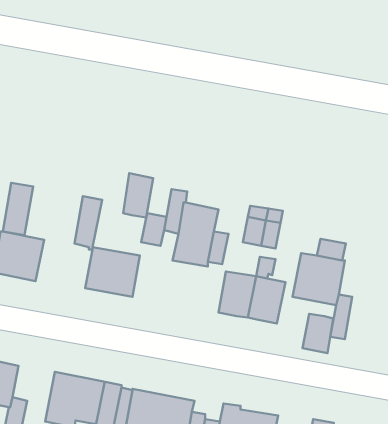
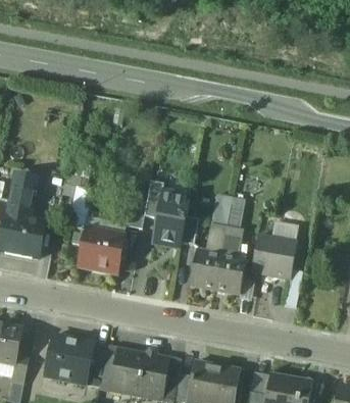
building: [123,173,153,217] -> none
building: [302,314,333,353] -> none

